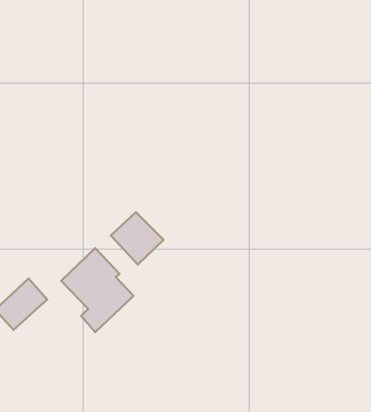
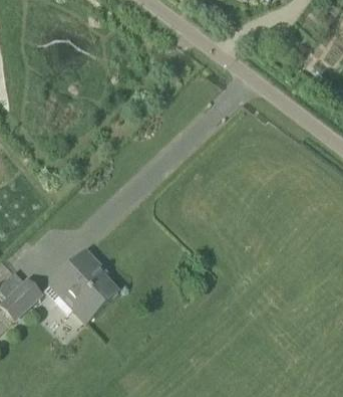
building: [111,212,163,265] -> none

